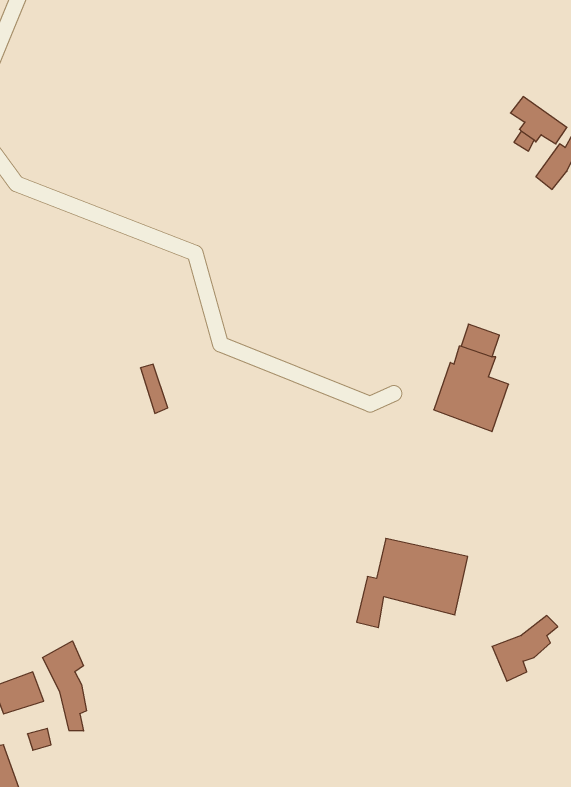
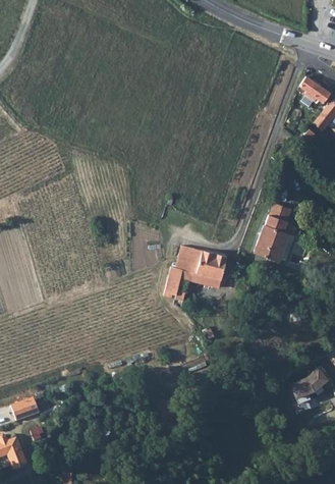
building: [357,538,468,628] -> [164,245,226,294]
building: [43,641,87,731] -> none

